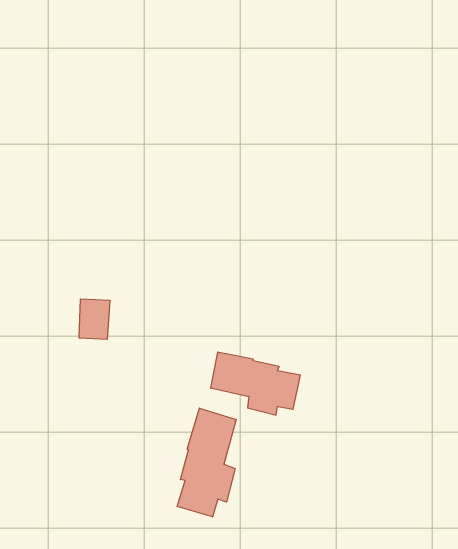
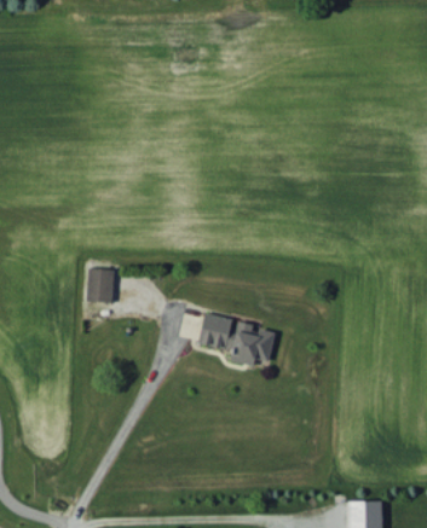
building: [177,408,236,517] -> none

